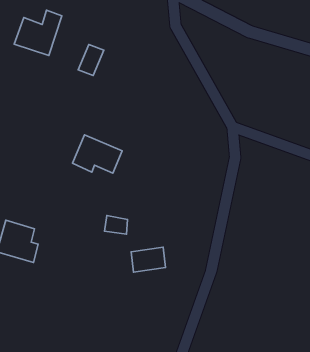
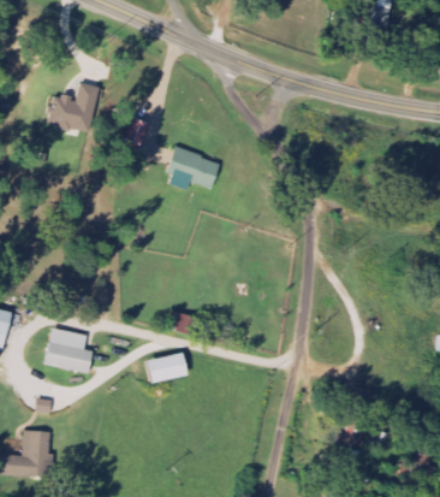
building: [73,135,122,173] -> [166,148,221,190]
building: [131,247,165,272] -> [148,351,189,383]

